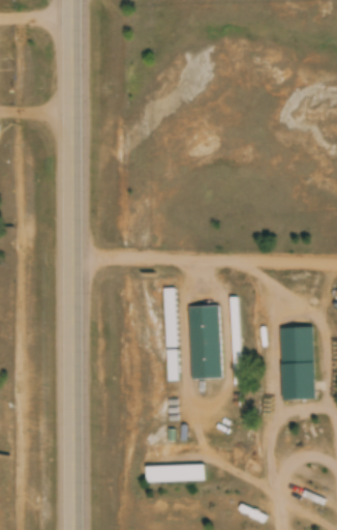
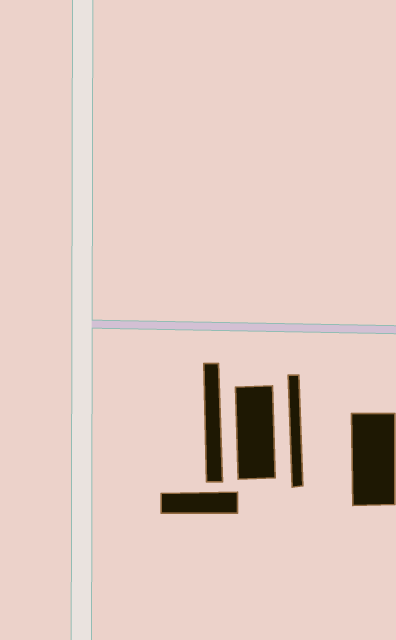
building: [146,464,206,480] -> [161,492,238,513]

